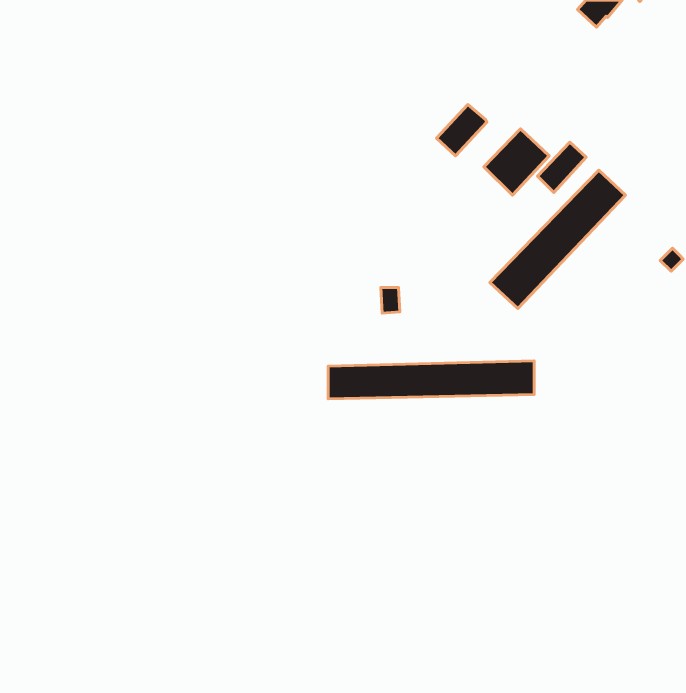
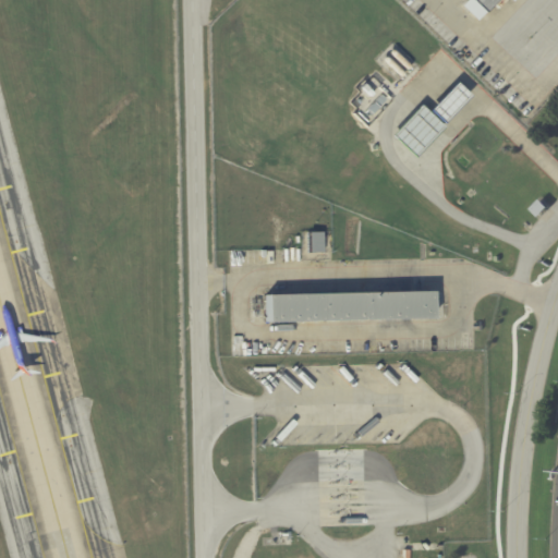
building: [537,142,586,192] -> [433,82,472,122]
building: [490,170,626,308] -> none

